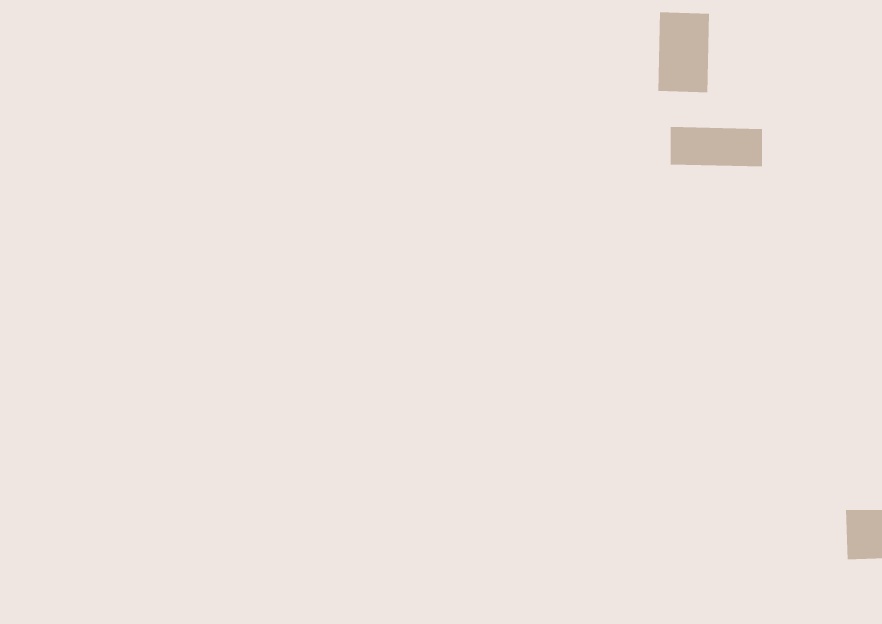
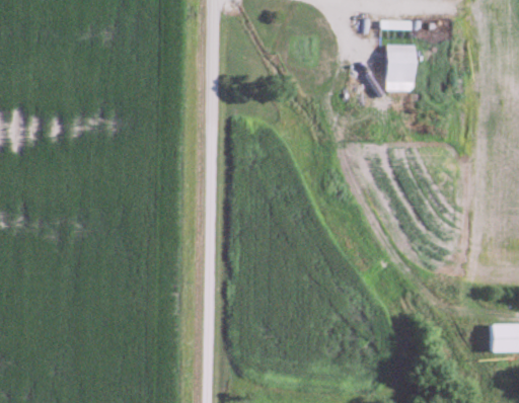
building: [670,126,763,167] -> none

